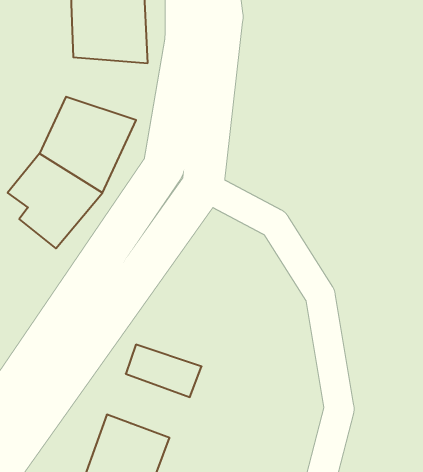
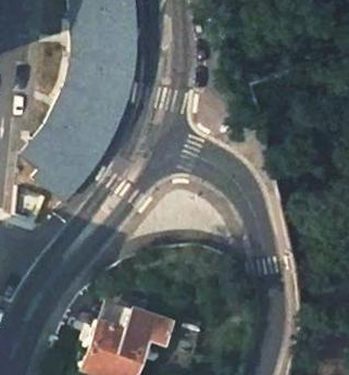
building: none -> [75,58,136,104]
building: [126,345,202,397] -> [123,309,179,348]

